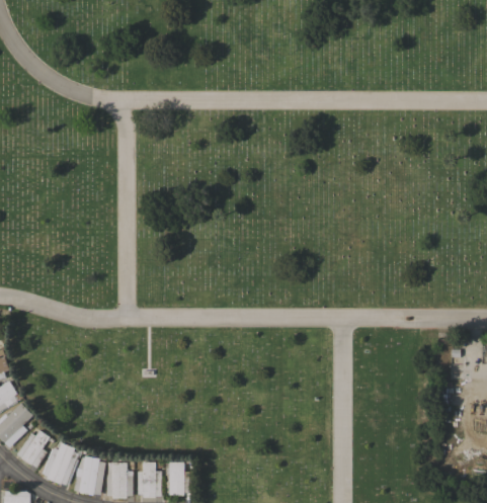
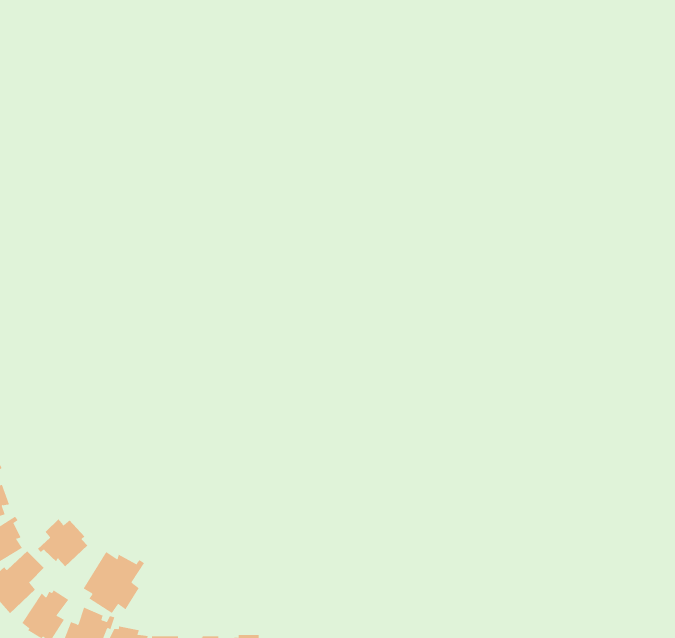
building: none -> [37,519,88,567]
building: none -> [83,551,145,614]

